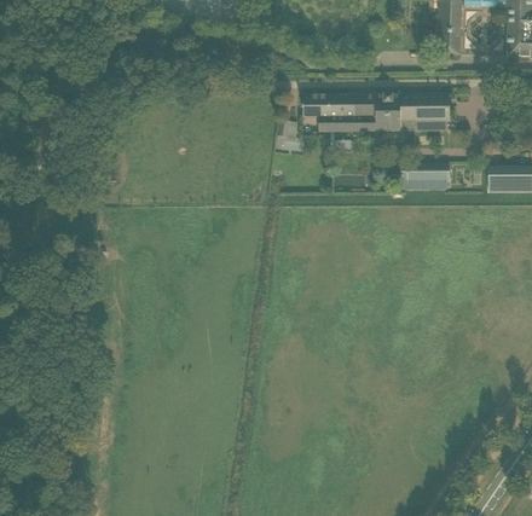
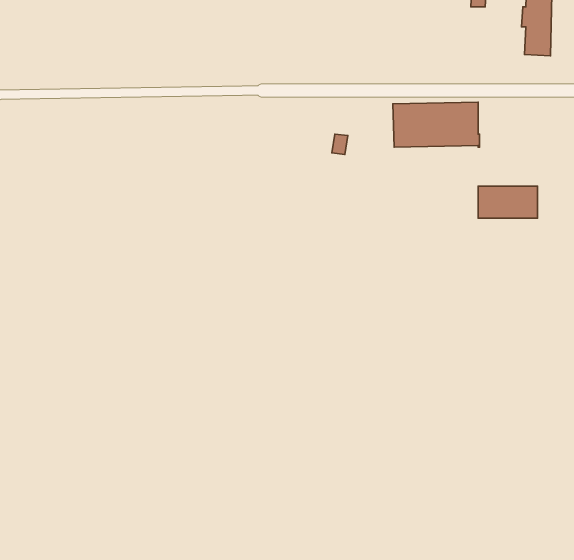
building: [400,94,450,132] -> none
building: [302,95,330,132] -> none

